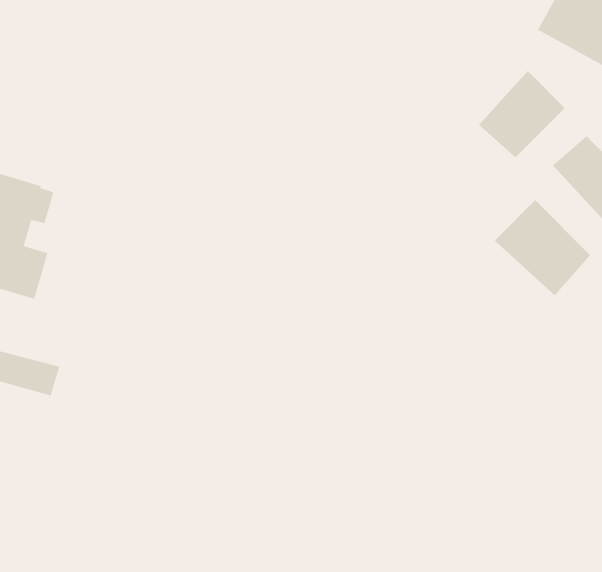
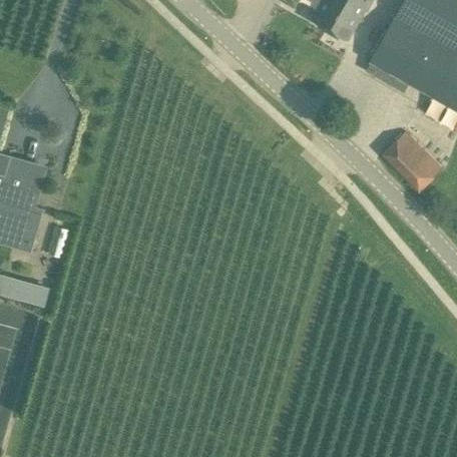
building: [478,70,565,158] -> none
building: [494,199,591,296] -> none

